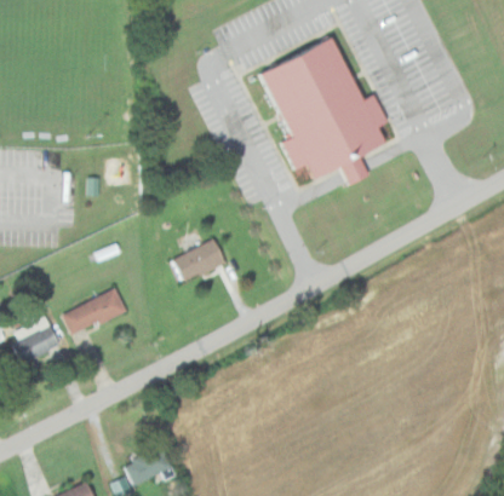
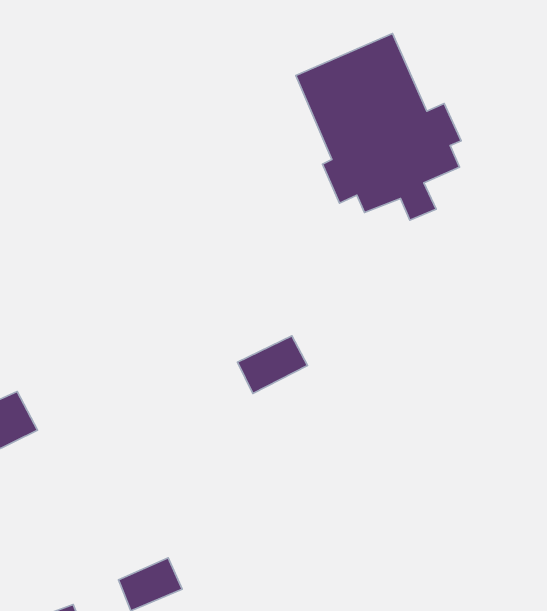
building: [171,238,225,283] -> [237,336,307,393]
building: [61,289,126,335] -> none

